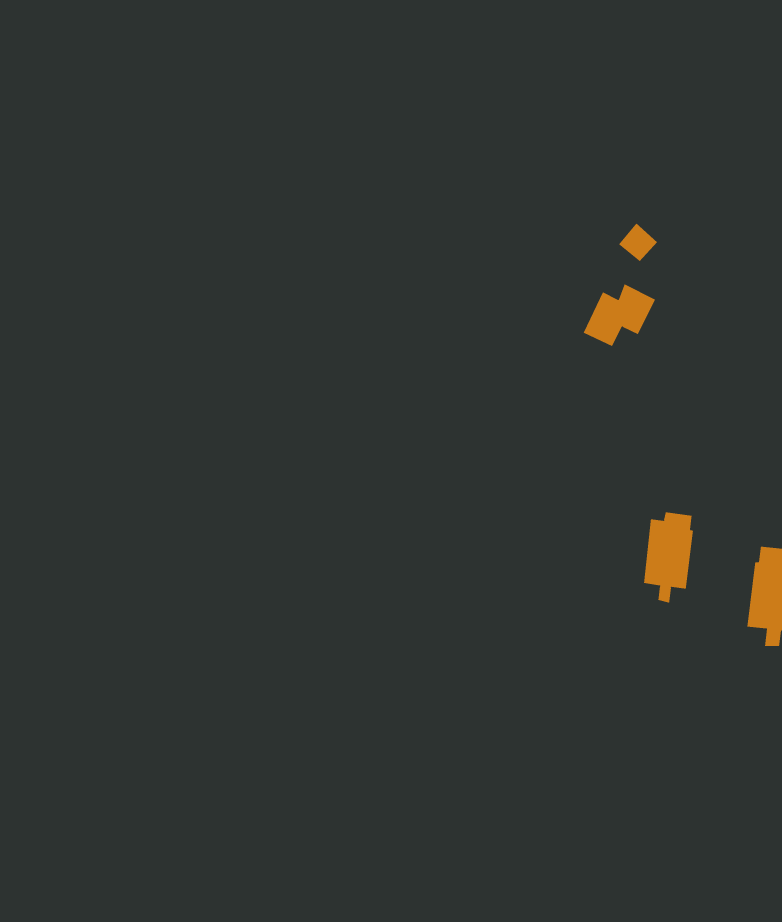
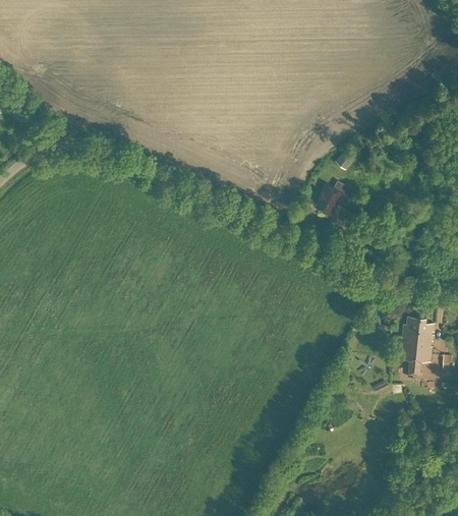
building: [643,511,693,604] -> none

